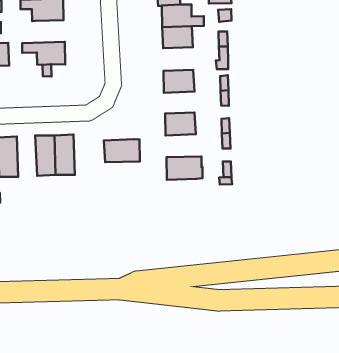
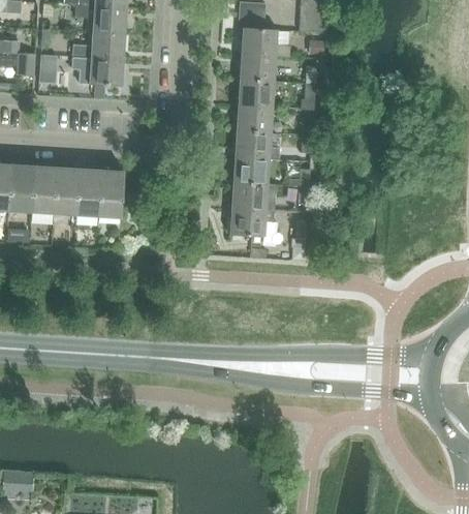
building: none -> [73,32,125,60]
building: none -> [238,79,275,108]
building: none -> [234,131,279,159]
building: none -> [54,167,79,215]
building: [104,139,140,162] -> [231,182,275,211]

